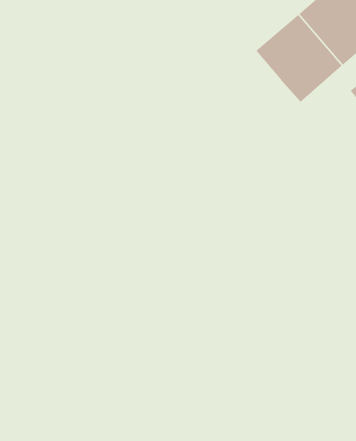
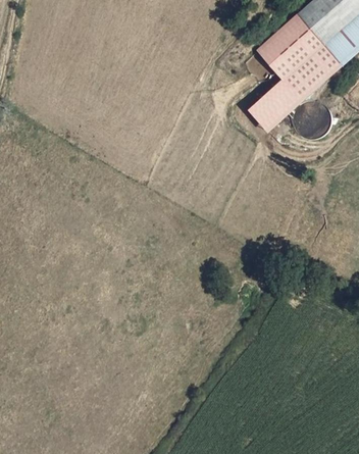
building: none -> [247,80,300,131]

